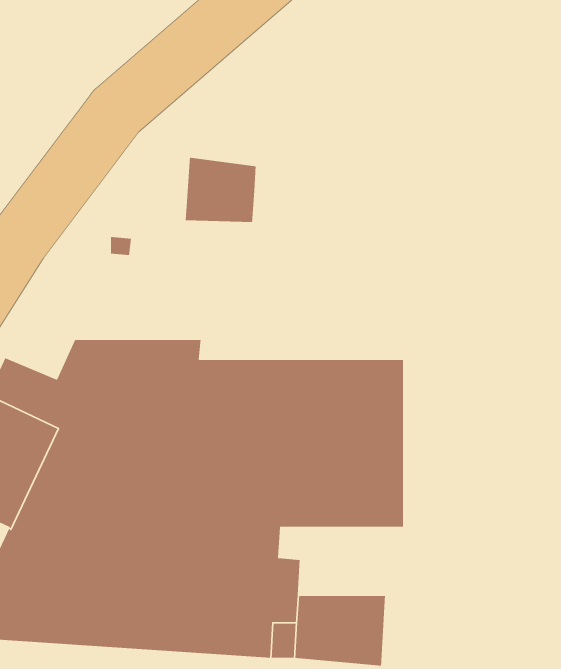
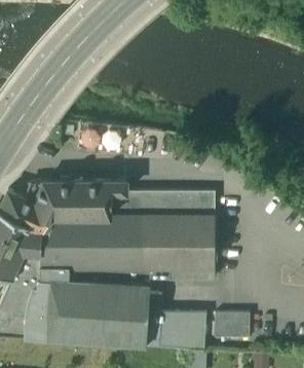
building: [185,157,256,223] -> none
building: none -> [215,314,250,338]

